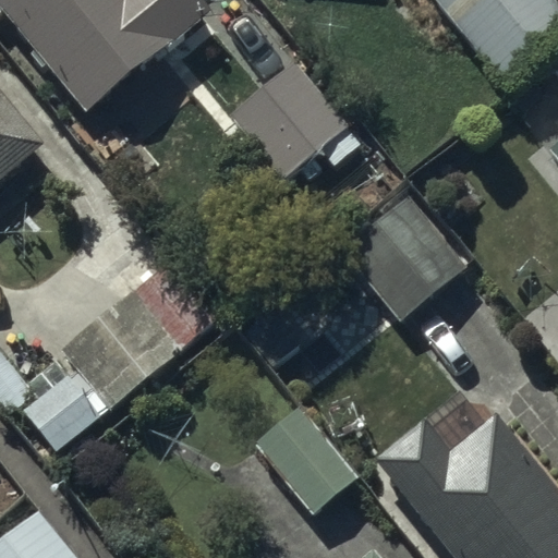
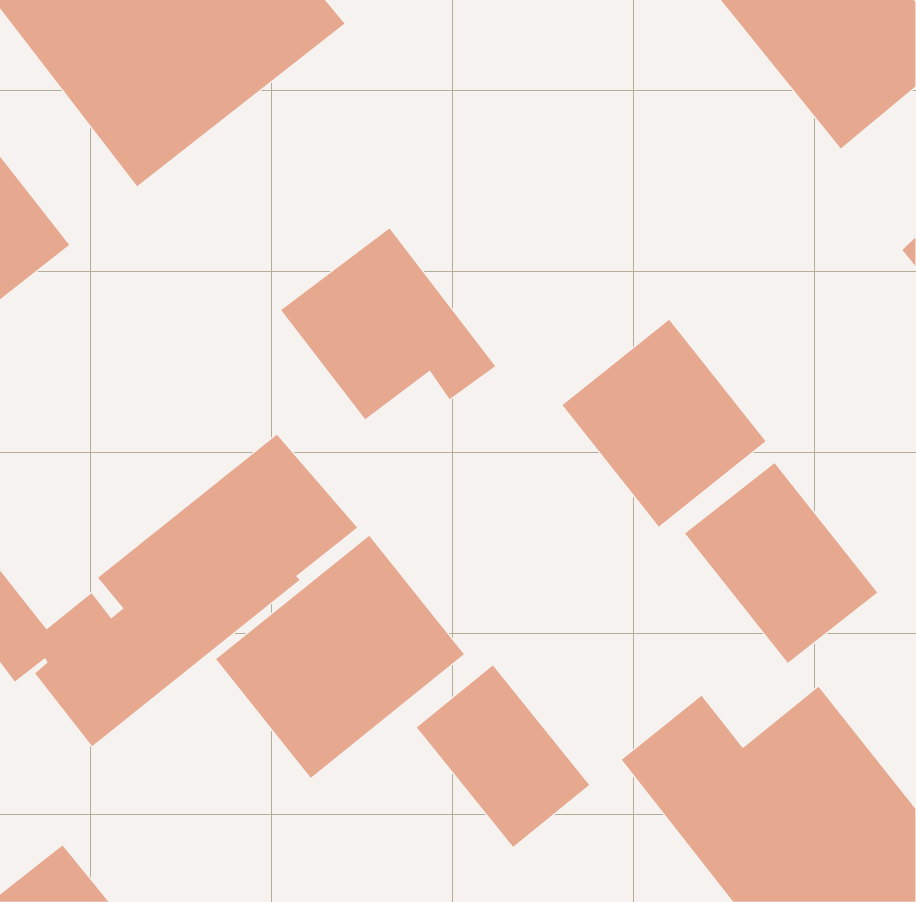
building: [231,61,362,178] -> [280,227,496,420]
building: none -> [684,462,878,664]
building: none -> [215,535,465,779]

